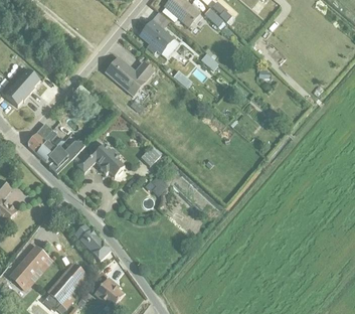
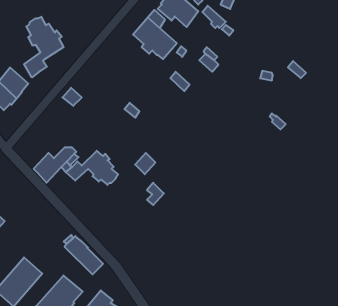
building: none -> [24,17,64,77]
building: [104,55,154,96] -> none
building: [27,123,58,161] -> none

